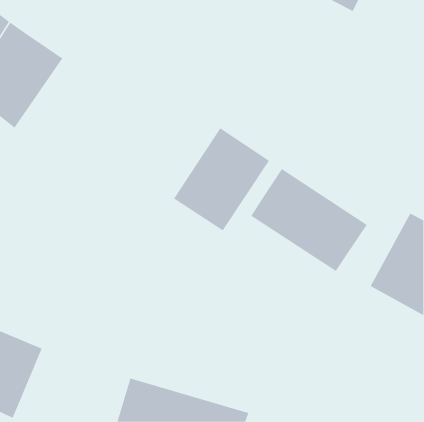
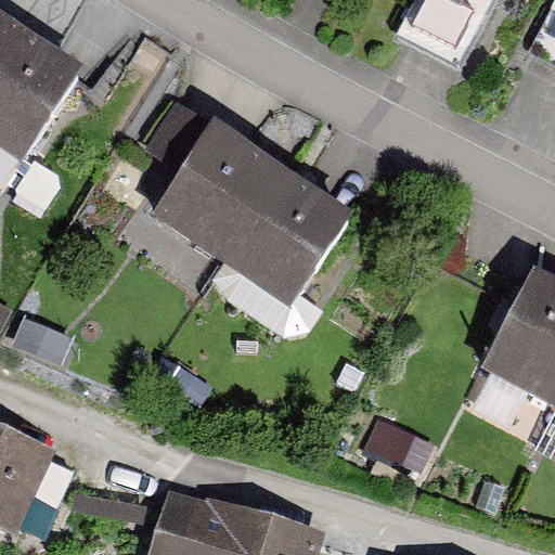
building: none -> [153,118,286,258]
building: [251,168,367,272] -> none

